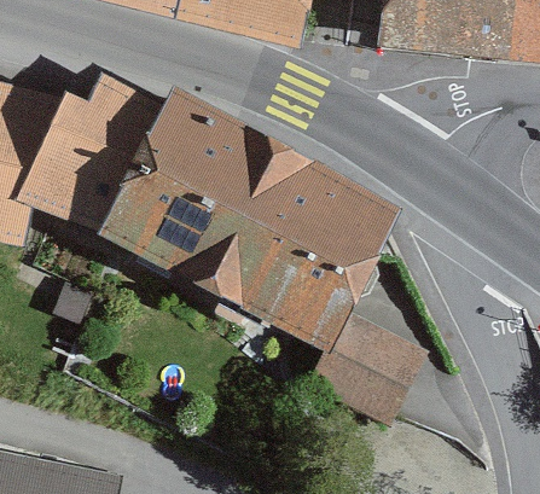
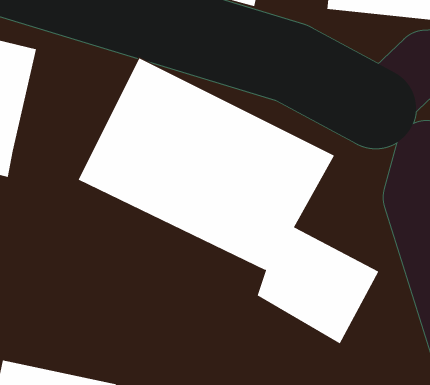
building: [19,74,158,242] -> none

